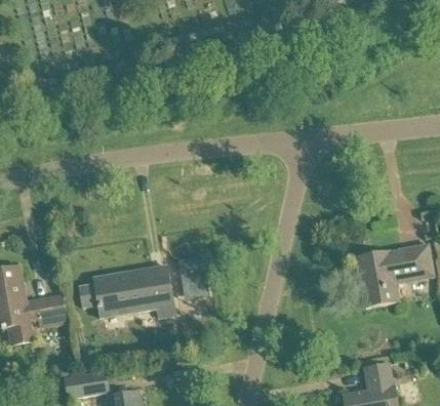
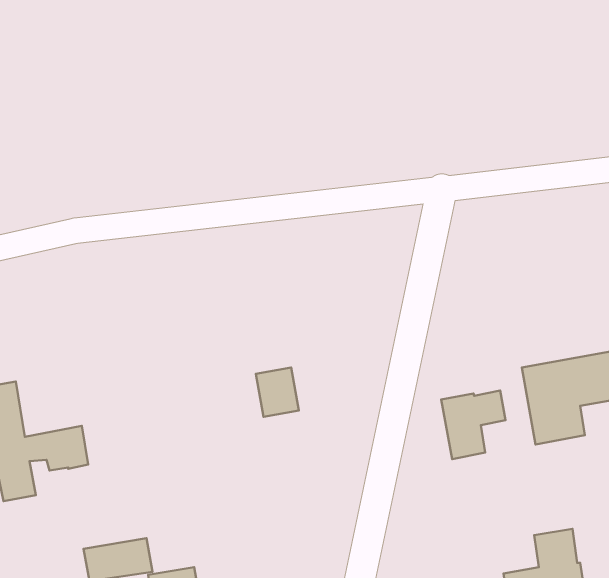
building: [79,265,174,317] -> none
building: none -> [441,390,506,459]

